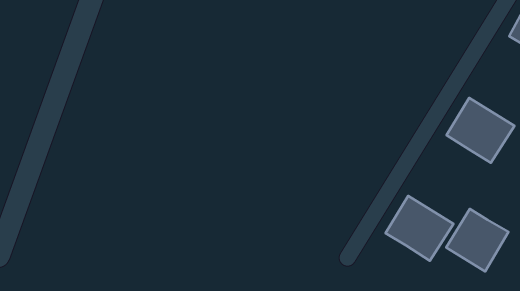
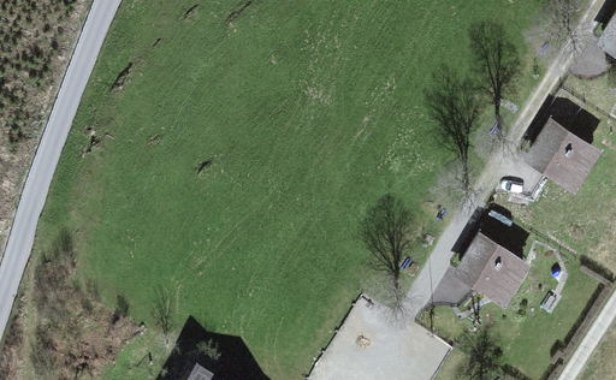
building: [446,209,509,272] -> none

